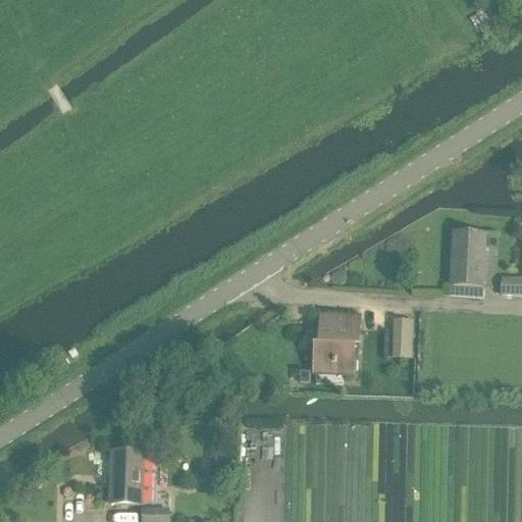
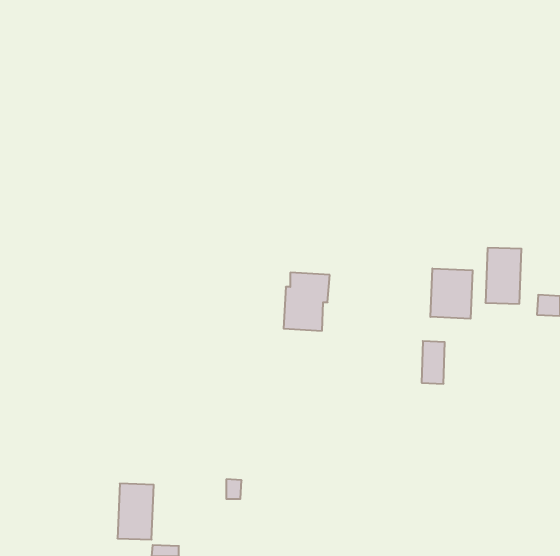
building: none -> [430,268,473,319]
building: [315,316,358,370] -> [284,273,330,331]

